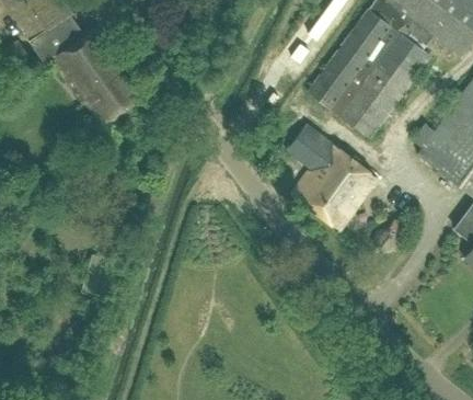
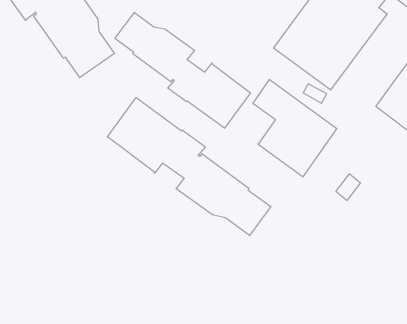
building: none -> [115,12,250,128]
building: none -> [107,98,271,236]

